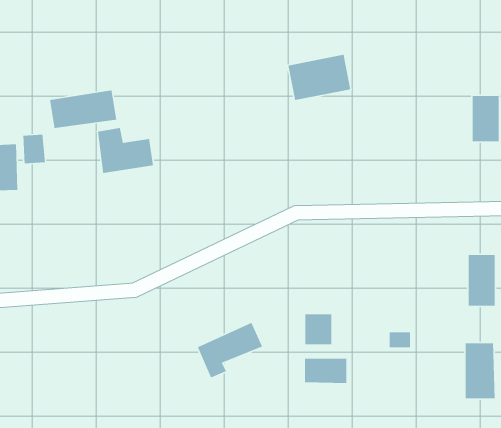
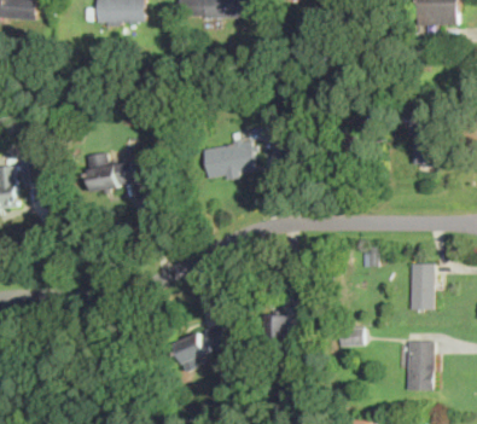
building: [287,54,351,101] -> [203,140,258,181]
building: [49,89,117,129] -> none
building: [304,358,347,384] -> none

